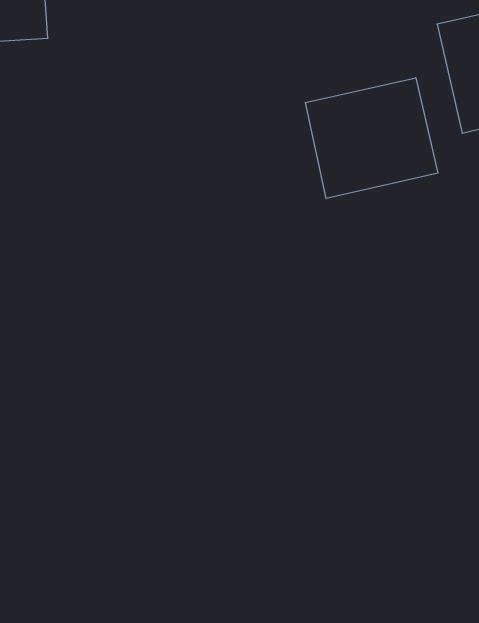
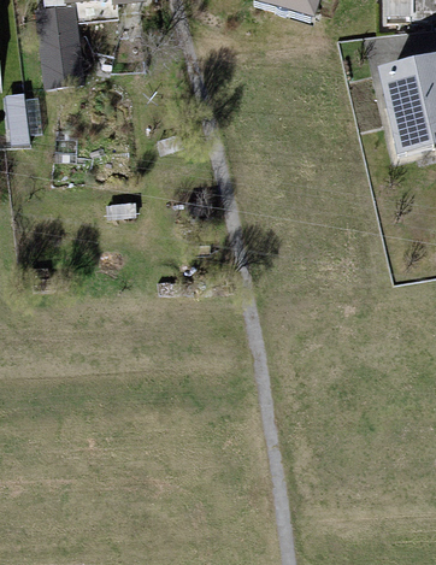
building: [305,78,438,199] -> none

